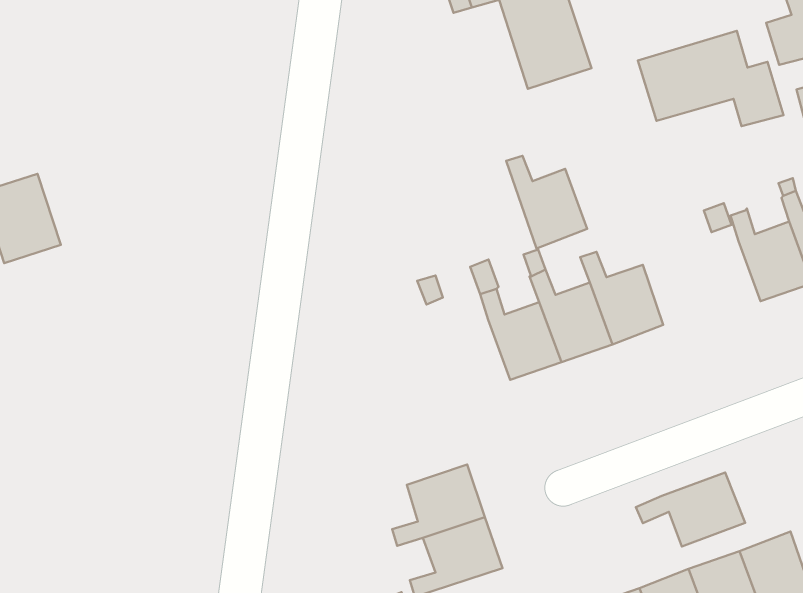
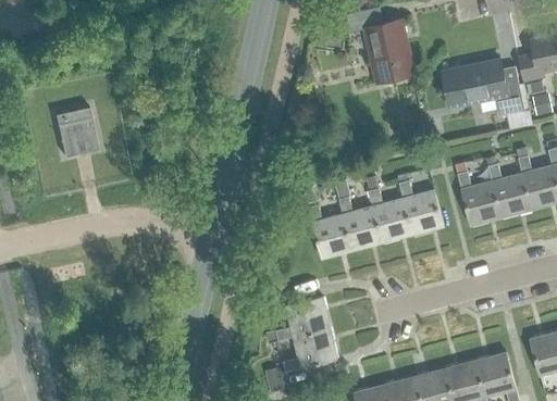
building: [506,156,587,248] -> [308,204,351,259]
building: none -> [457,172,500,225]
building: [636,472,745,546] -> none

